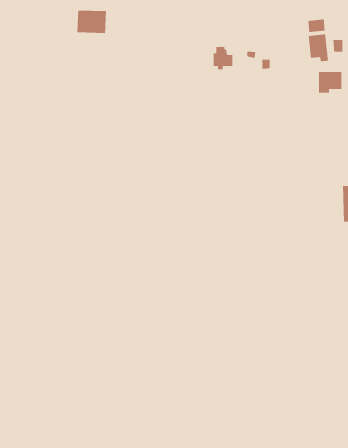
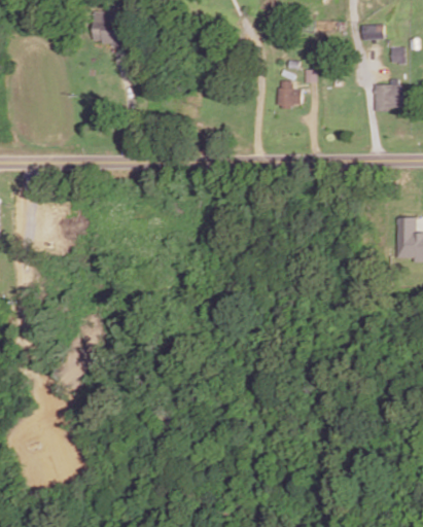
building: [308,34,329,62] -> none
building: [213,46,233,70] -> [277,81,301,109]

